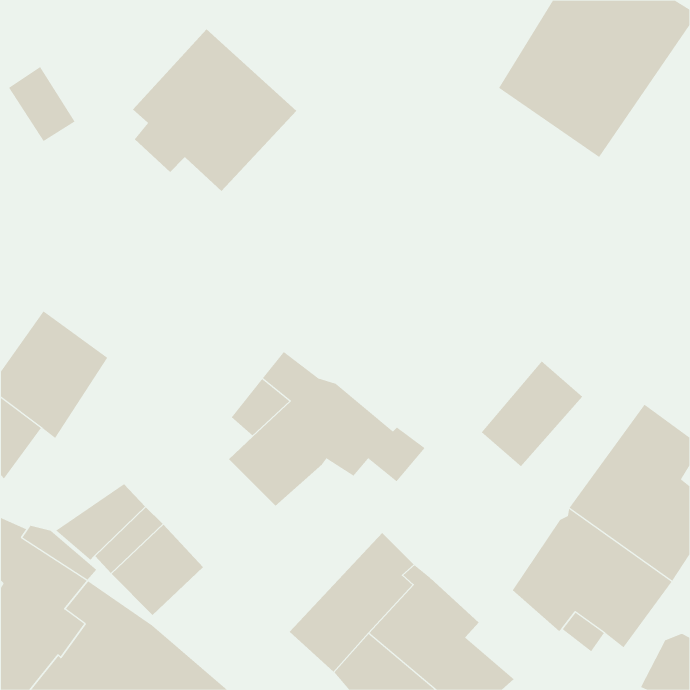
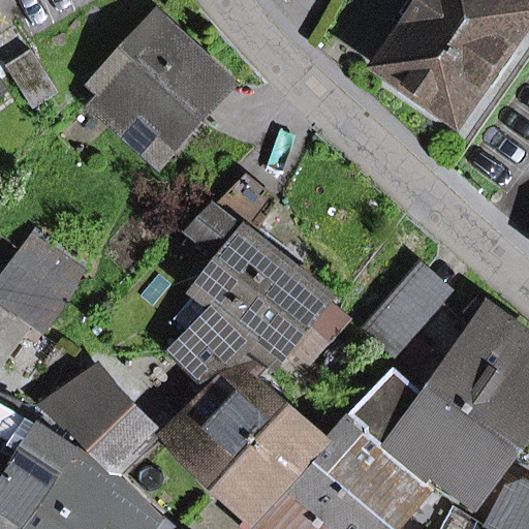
building: none -> [190,180,348,343]
building: none -> [179,355,292,484]
building: none -> [330,368,428,520]

